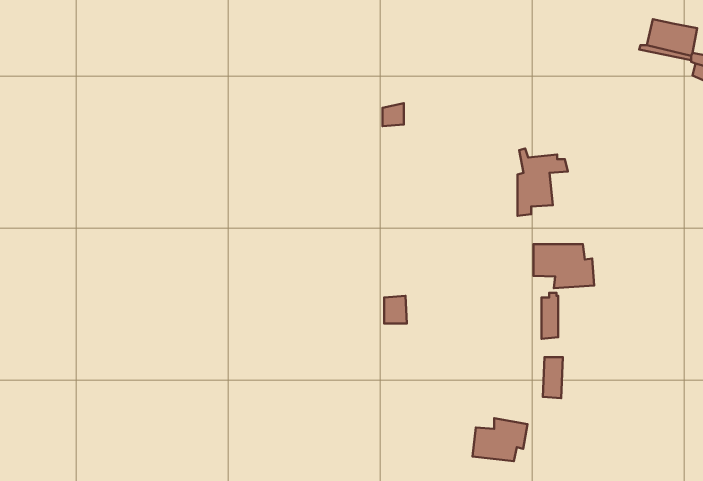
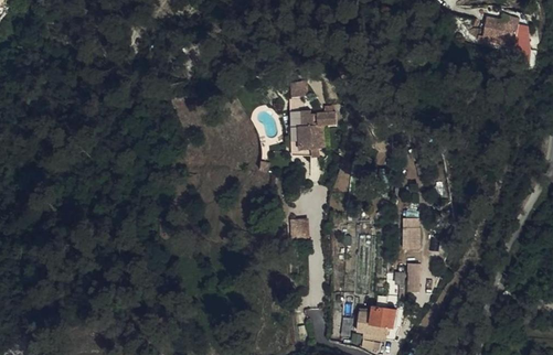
building: [518,148,568,216] -> [300,107,337,155]
building: [533,244,594,288] -> none

